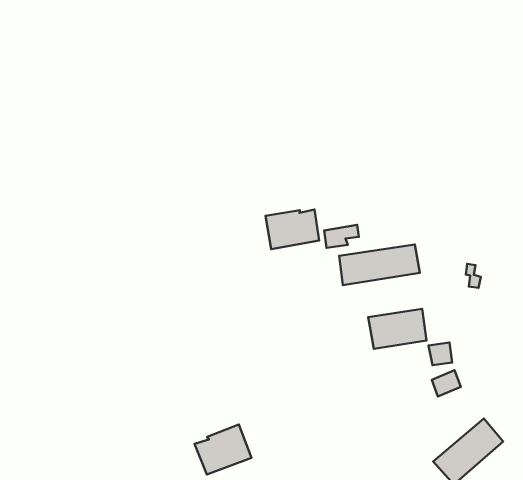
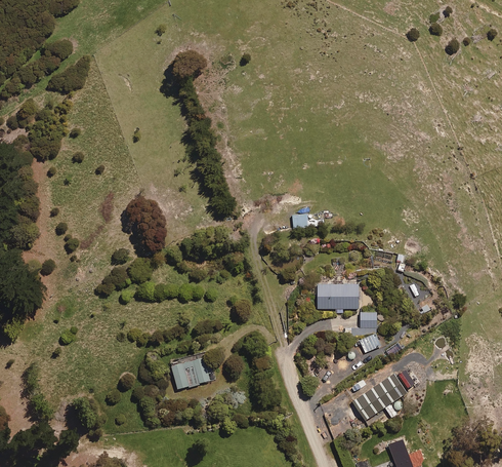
building: [265,210,319,249] -> none
building: [339,244,420,285] -> none

